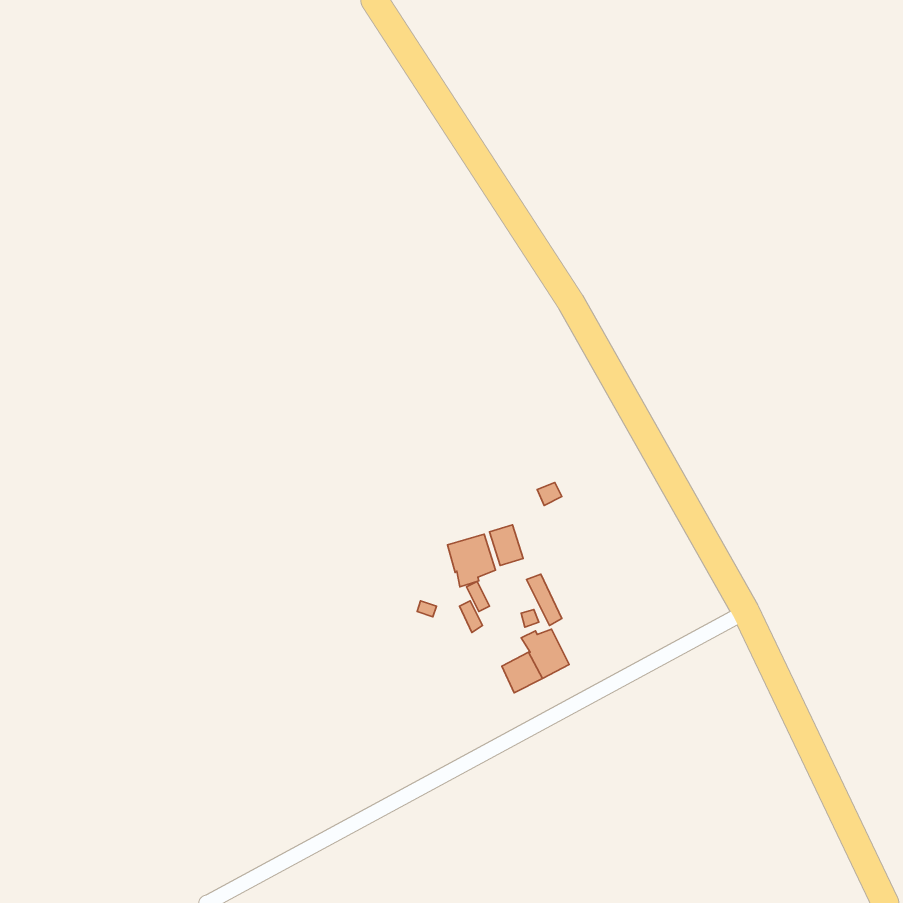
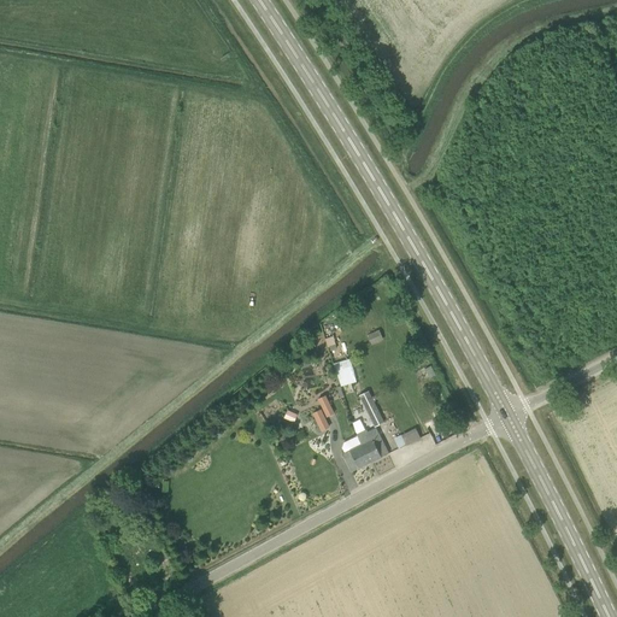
building: [448,534,495,587] -> none

